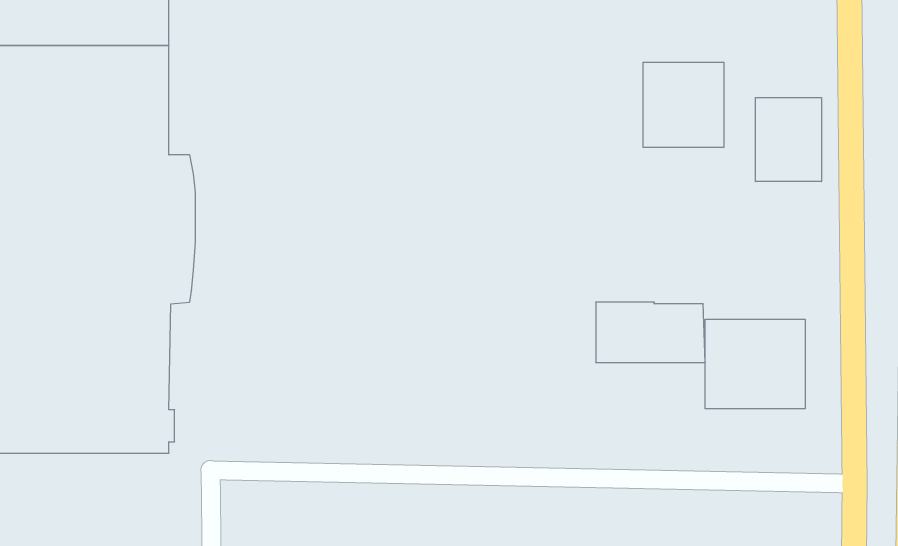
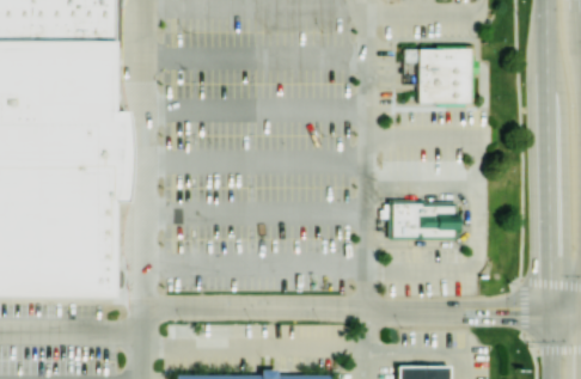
building: [755,98,821,182] -> none
building: [705,319,805,409] -> none

